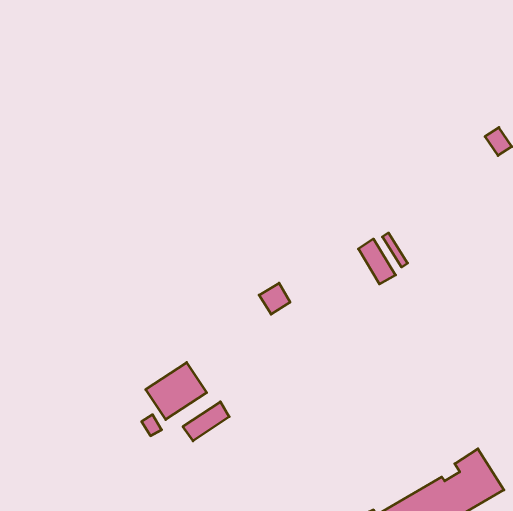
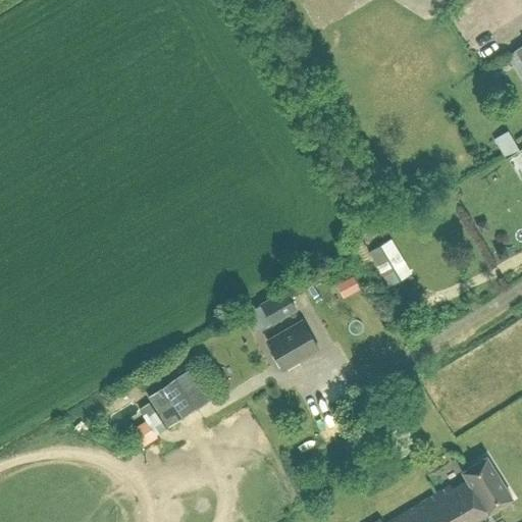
building: none -> [265,320,320,372]
building: [183,402,229,441] -> none

